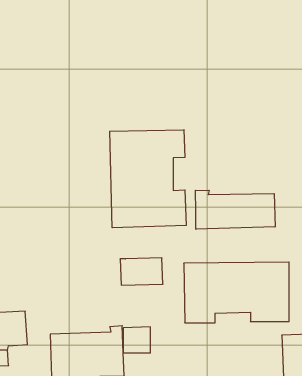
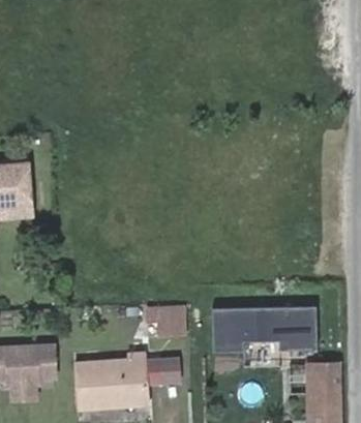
building: [110,130,186,228] -> none
building: [196,190,275,229] -> none

